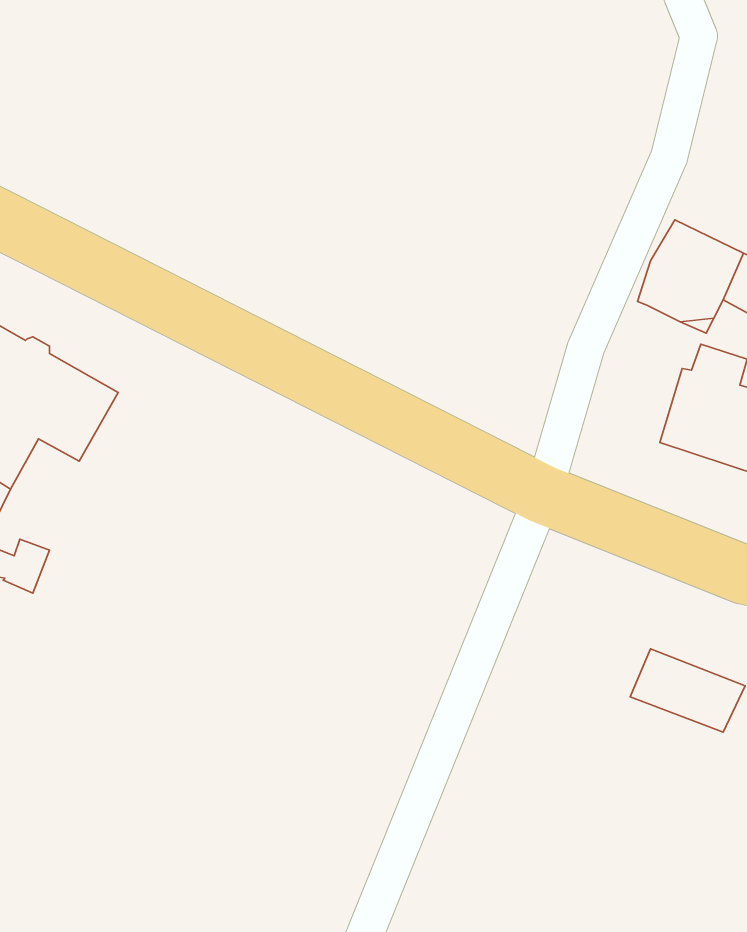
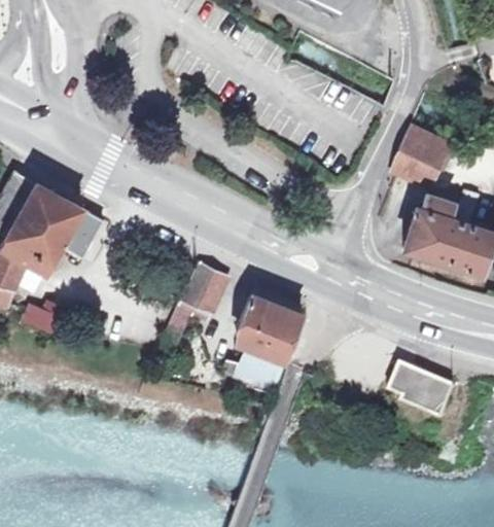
building: none -> [157,262,227,354]
building: none -> [226,295,303,391]

